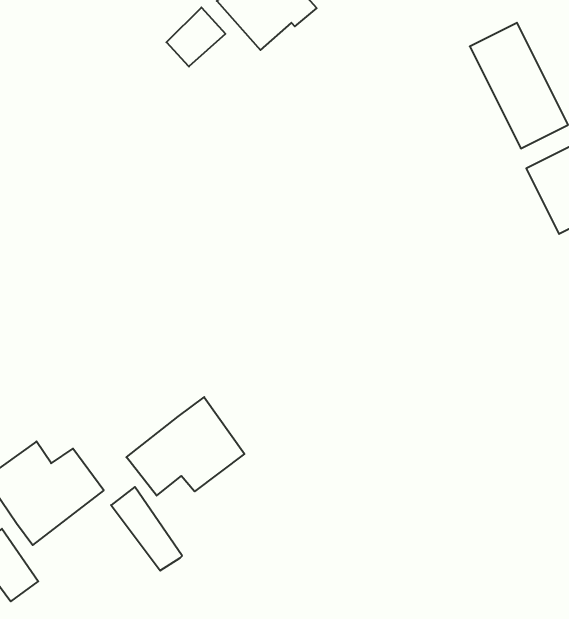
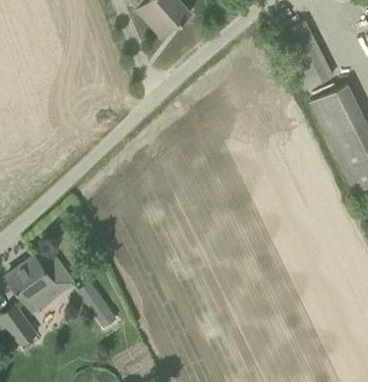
building: [166,7,225,67] -> none
building: [126,397,244,496] -> none

